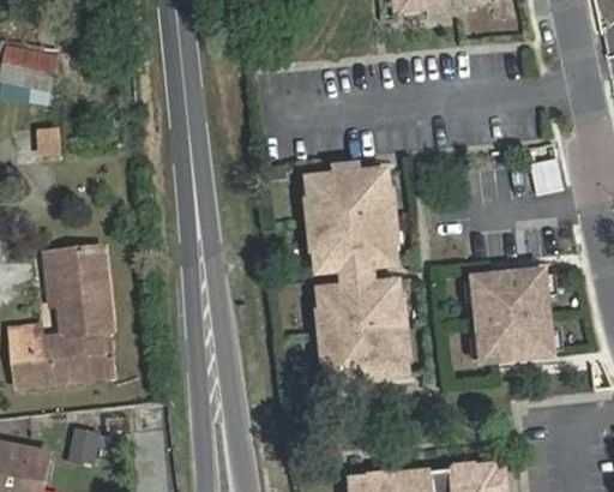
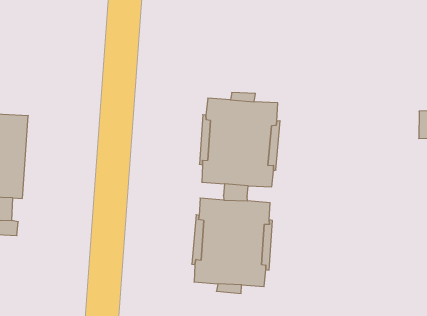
building: [476,262,562,362] -> none

